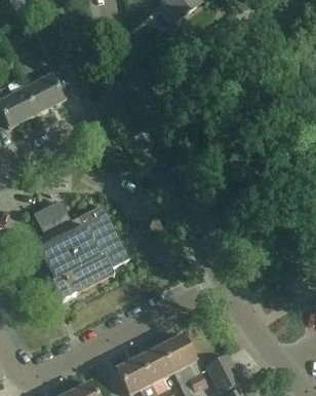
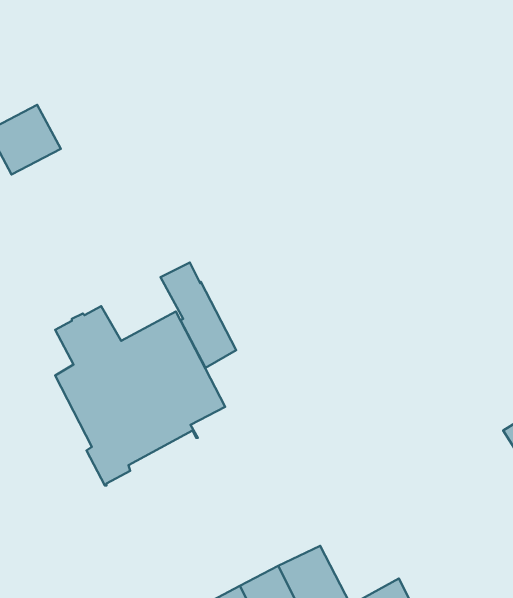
building: [25,73,66,112] -> none
building: none -> [161,262,236,368]

